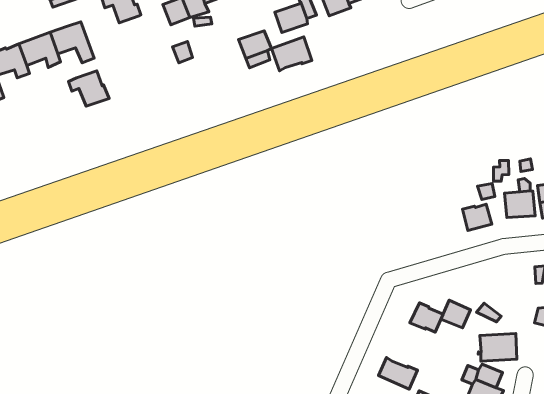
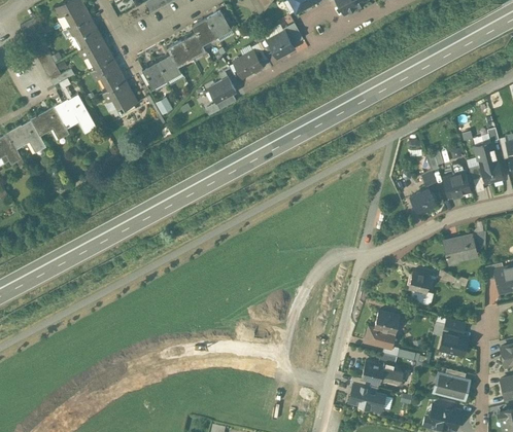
building: [272,37,312,71] -> none
building: [68,71,109,106] -> [103,82,138,112]
building: [410,303,443,332] -> [374,311,400,332]
building: [478,334,517,361] -> [444,236,477,262]

